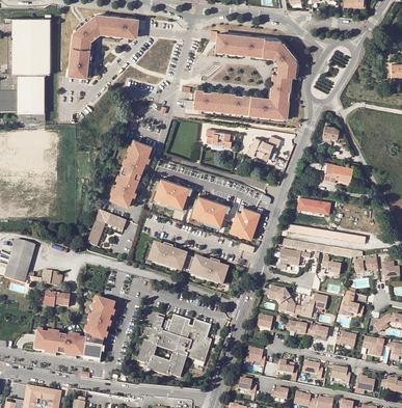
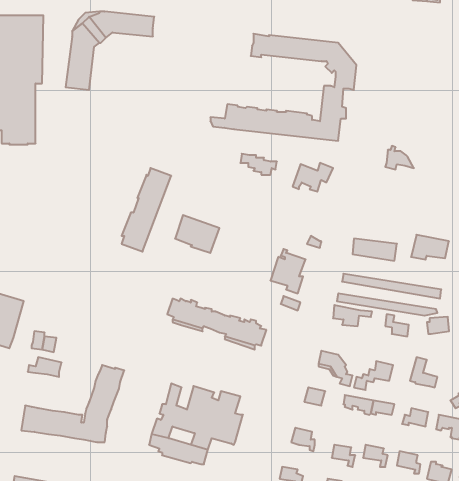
building: [323,163,353,183] -> [411,235,449,260]
building: [193,196,227,225] -> none
building: [85,213,125,248] -> none

